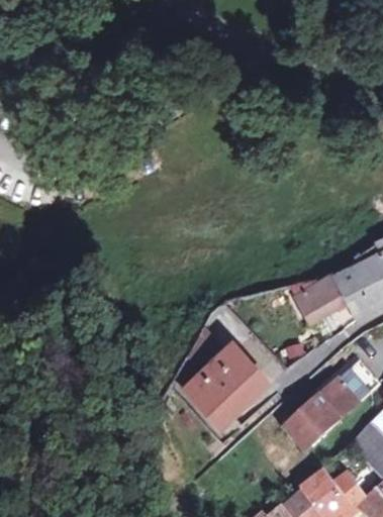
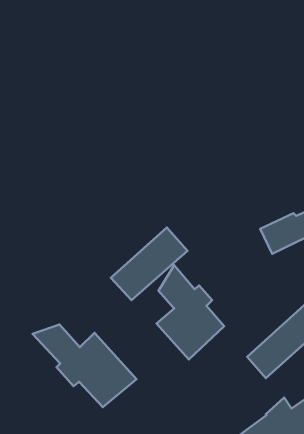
building: none -> [111,228,187,300]
building: none -> [32,325,136,407]

